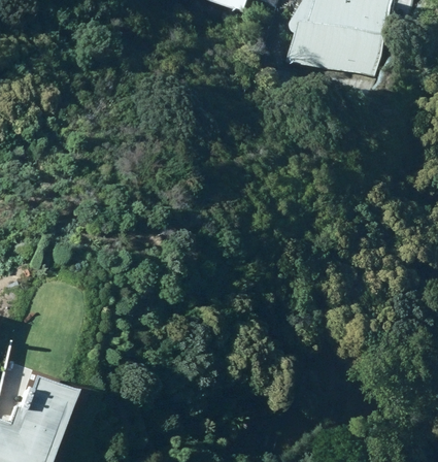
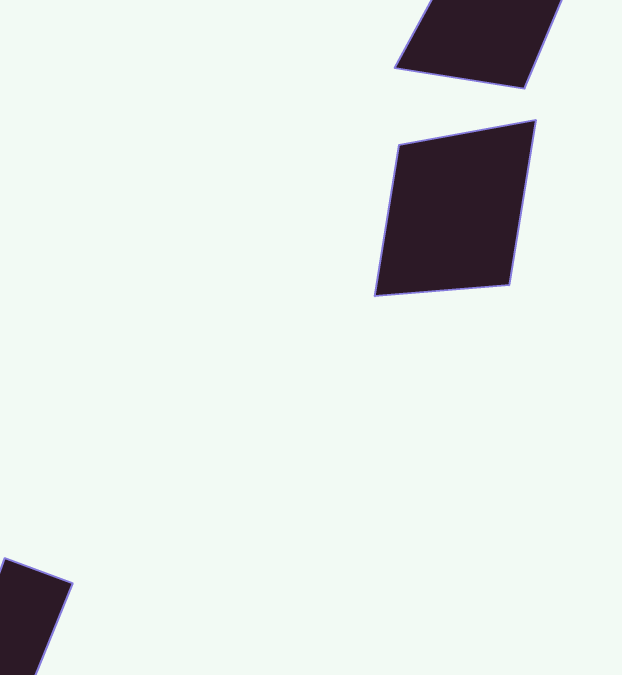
building: none -> [375,120,536,296]

